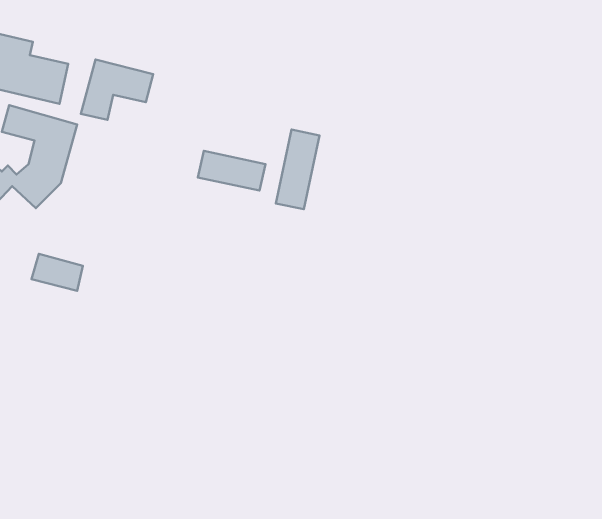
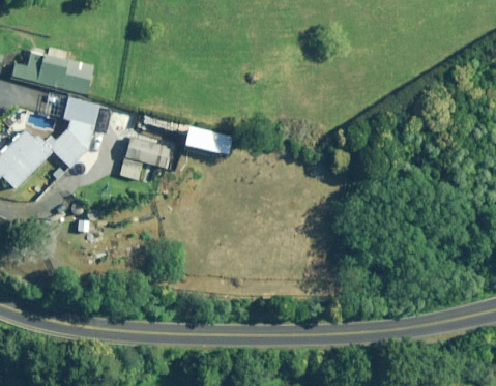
building: [81,59,153,120] -> [119,137,170,179]
building: [276,130,320,209] -> none

